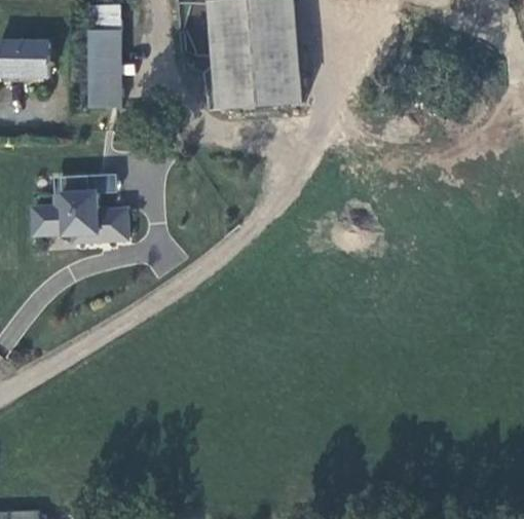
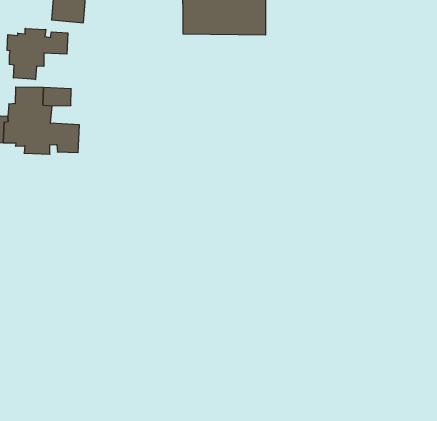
building: none -> [7,28,68,80]

